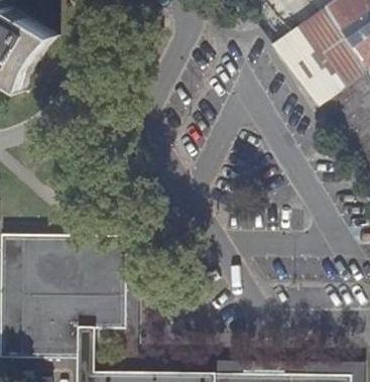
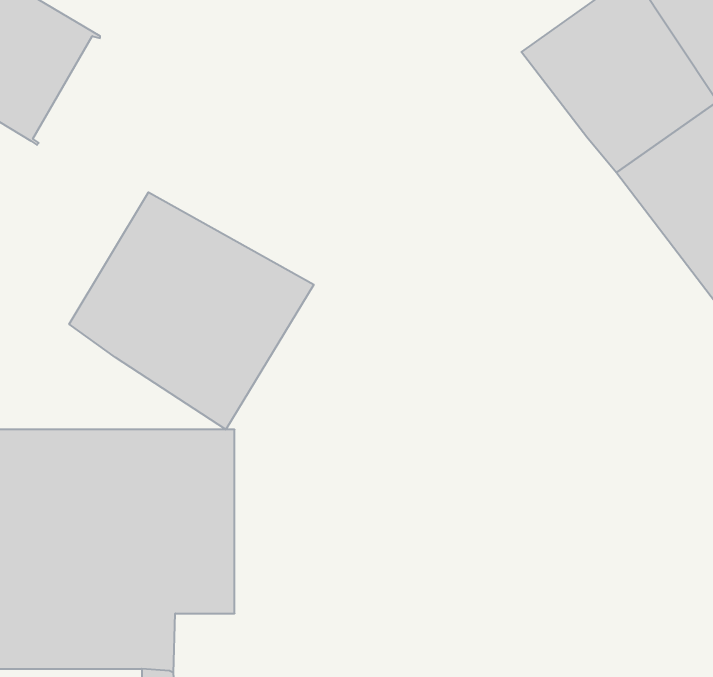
building: none -> [69,192,314,430]

